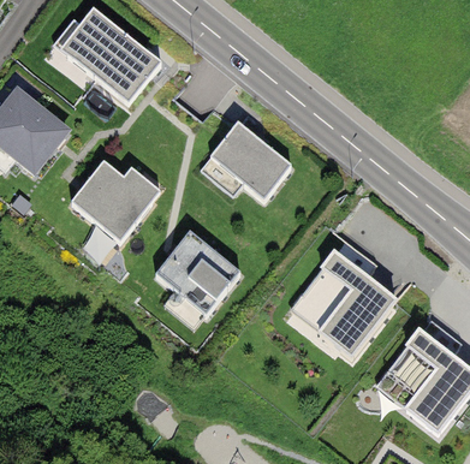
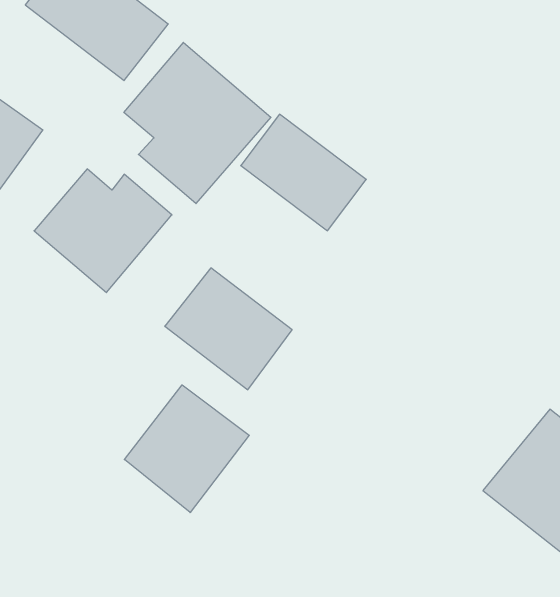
building: none -> [124,42,271,204]
building: [287,246,395,353] -> none
building: none -> [124,385,249,513]

